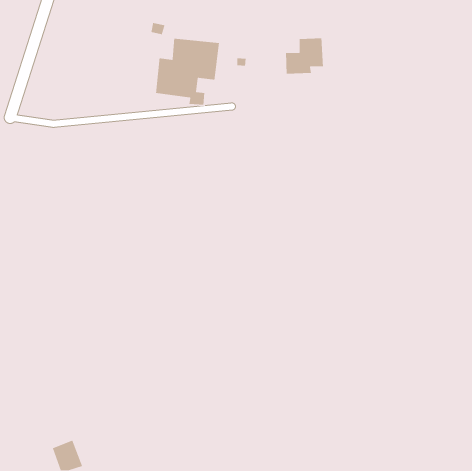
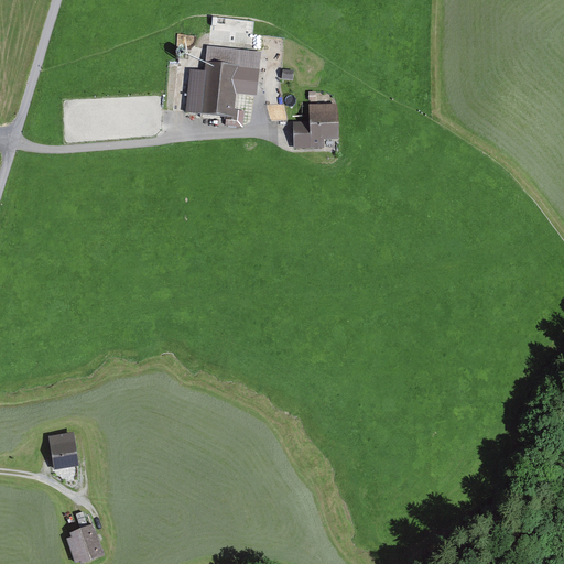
building: [285,38,324,75] -> [293,104,339,148]
building: none -> [48,433,75,465]

